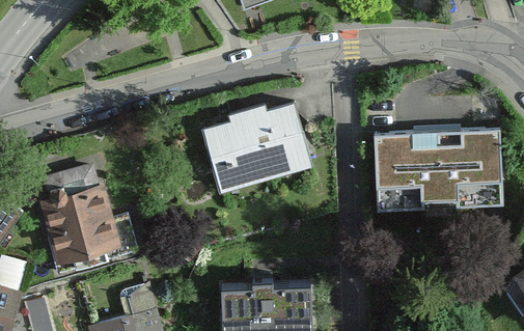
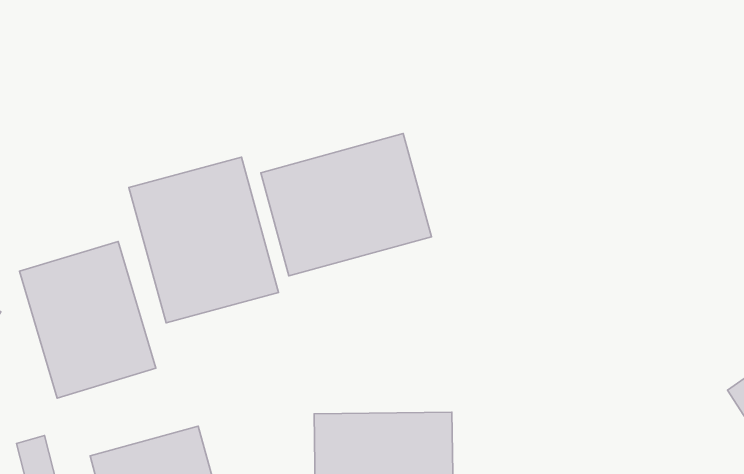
building: none -> [129,157,279,323]
building: [373,130,503,215] -> none

